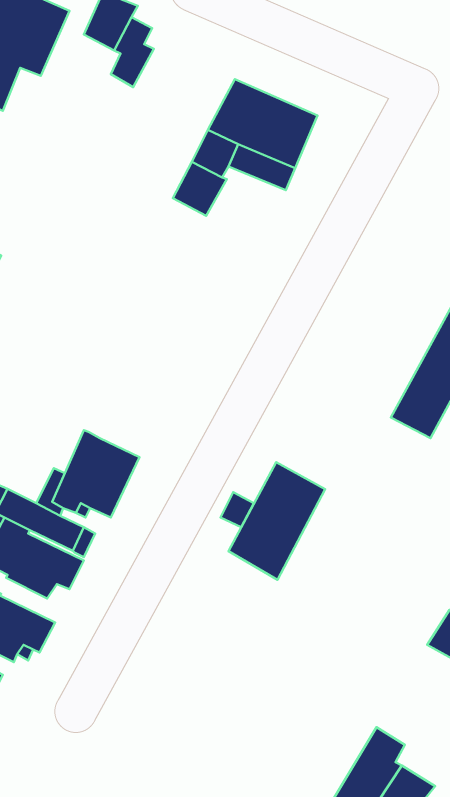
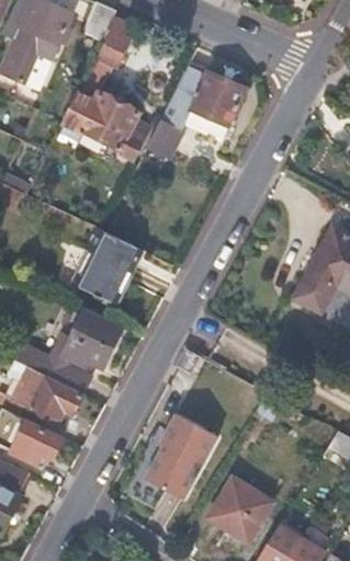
building: none -> [61,94,142,164]
building: none -> [72,228,140,304]
building: [228,462,325,580] -> [147,416,214,497]
building: none -> [207,476,274,541]

